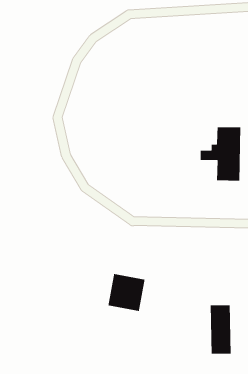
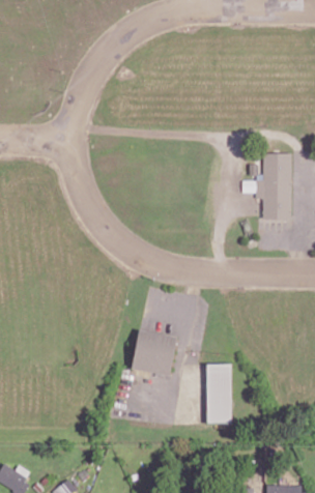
building: [210,305,231,355] -> [206,364,232,424]

